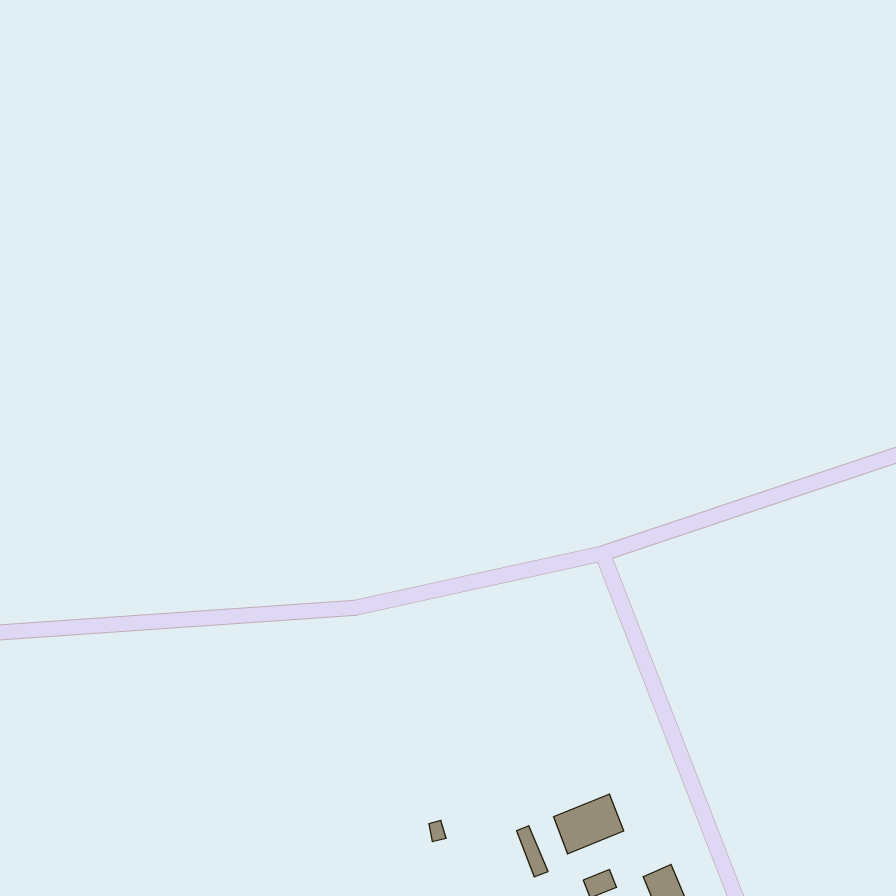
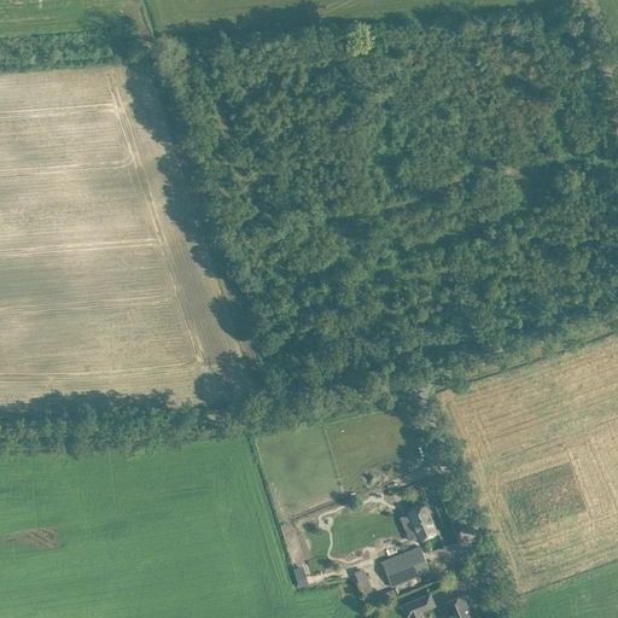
building: none -> [407,506,436,541]

